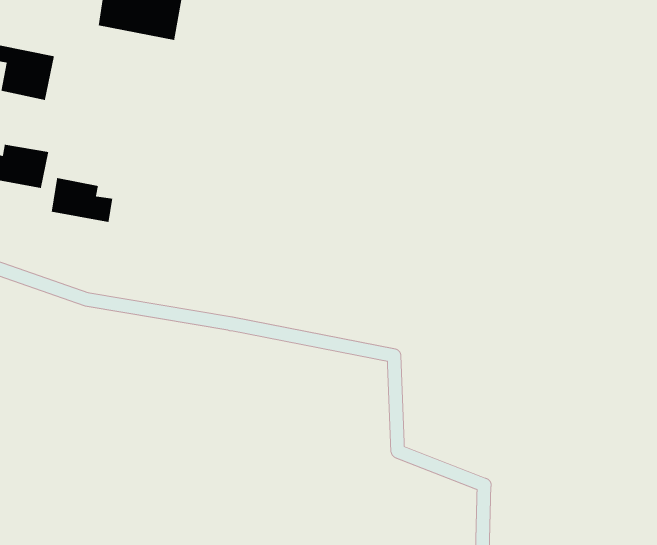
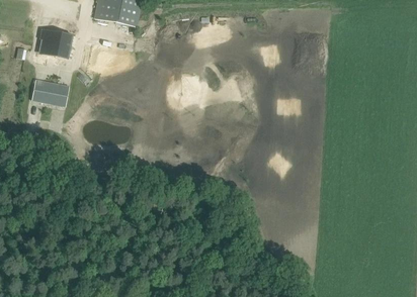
building: [51,177,113,223] -> none

